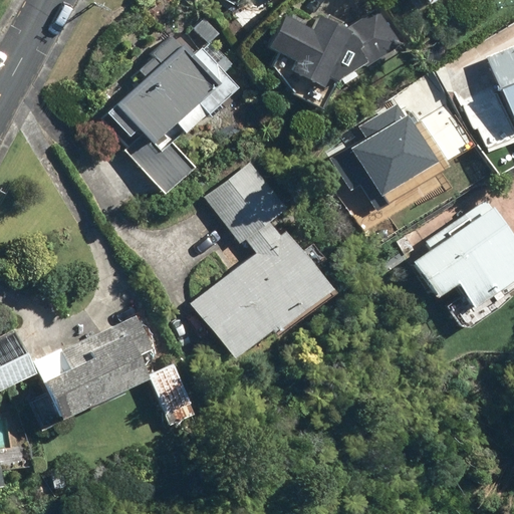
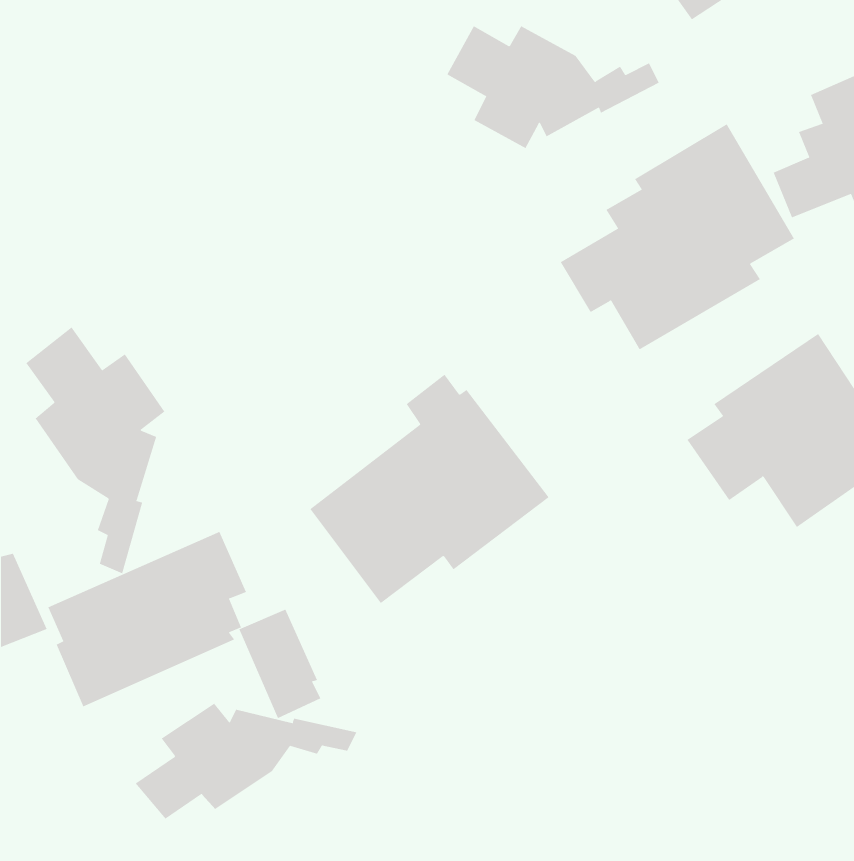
building: [107,33,237,196] -> none
building: [205,159,290,243] -> none
building: none -> [25,326,165,574]
building: none -> [135,703,357,820]

